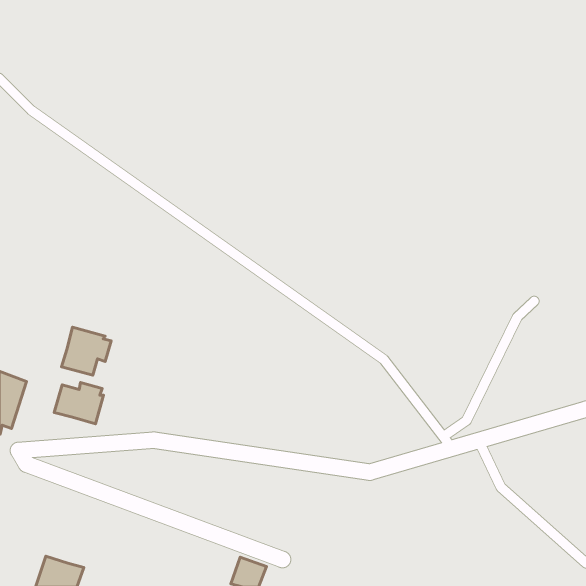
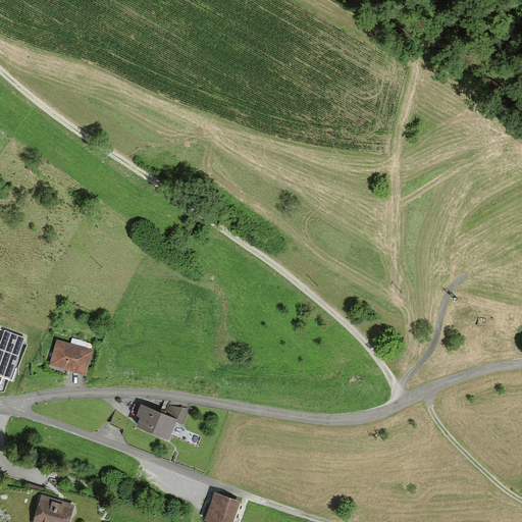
building: [61,327,111,375] -> none
building: none -> [136,405,187,438]

